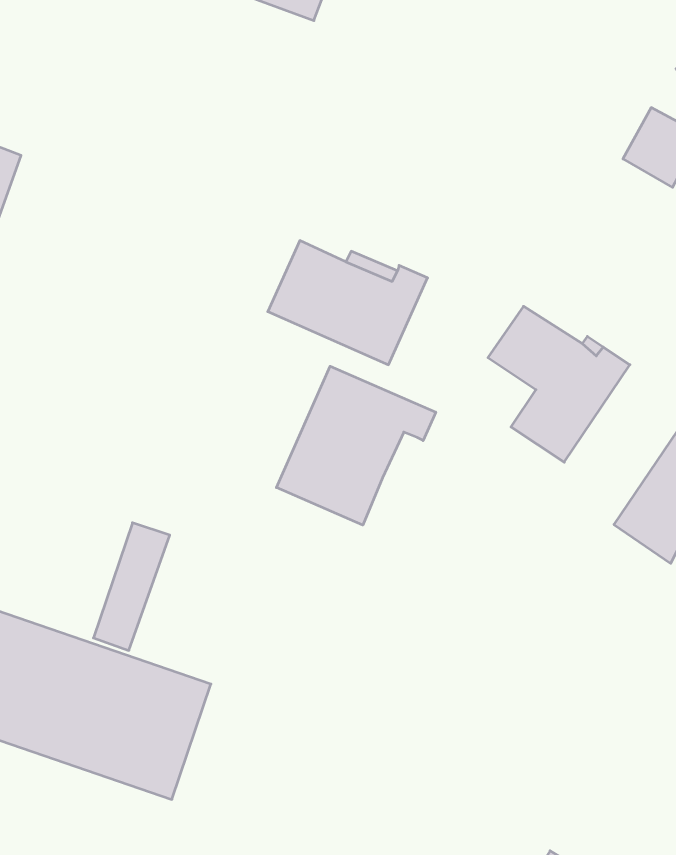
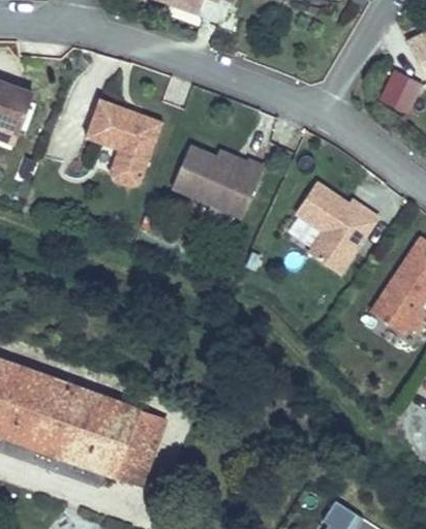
building: none -> [87,102,164,190]
building: [276,366,436,525] -> none
building: [93,523,170,650] -> [114,404,158,478]

